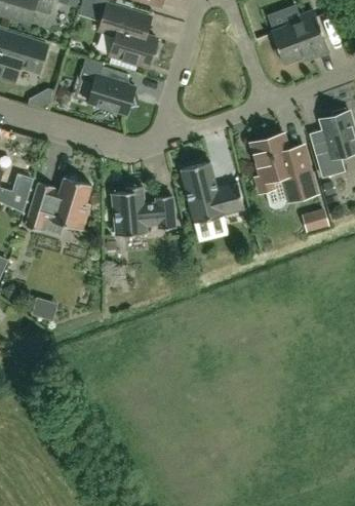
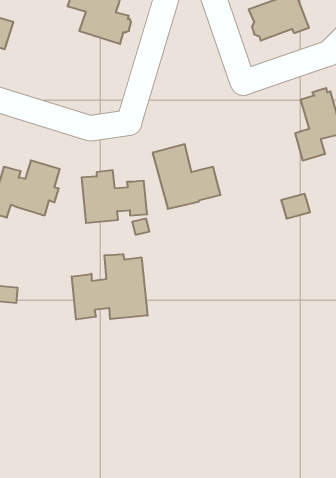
building: [87,66,136,115] -> none
building: [251,133,316,201] -> none
building: none -> [72,254,148,320]

